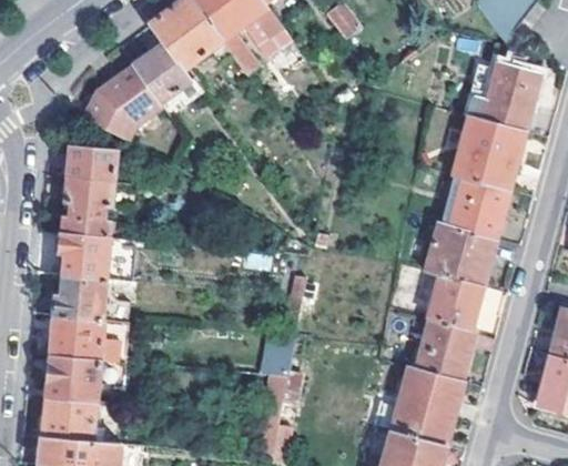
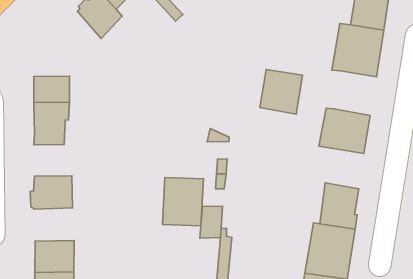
building: [88,67,161,140] -> none
building: [449,178,508,239] -> [260,69,302,114]
building: [58,232,109,276] -> none
building: [428,275,481,331] -> none
building: none -> [162,177,203,226]
building: [50,314,129,362] -> none

